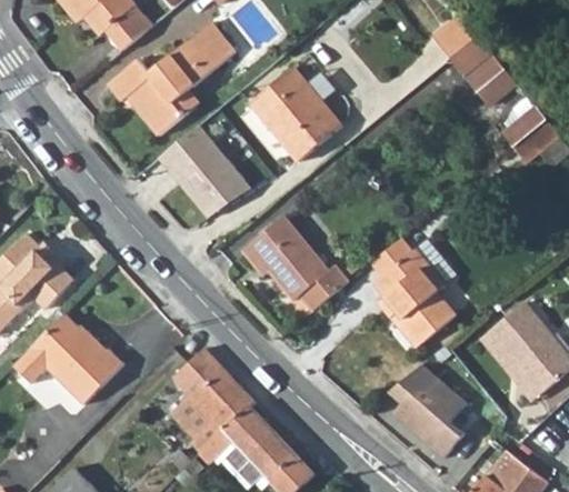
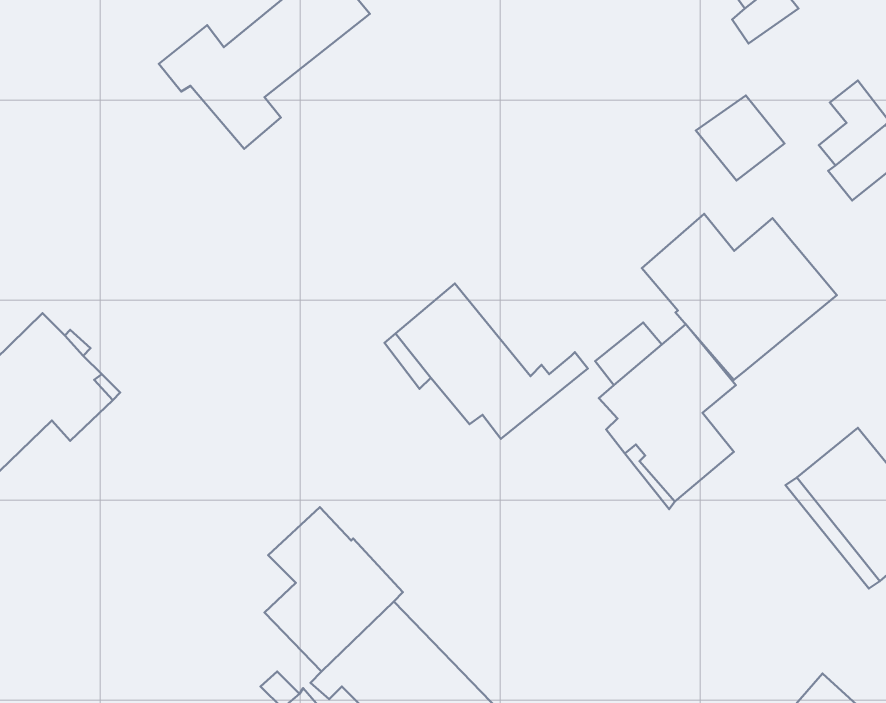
building: [461,50,515,101] -> [696,95,785,180]
building: [250,67,340,160] -> none
building: [156,129,247,222] -> none
building: none -> [642,214,837,380]
building: [20,312,137,408] -> none
building: [383,368,463,461] -> none

